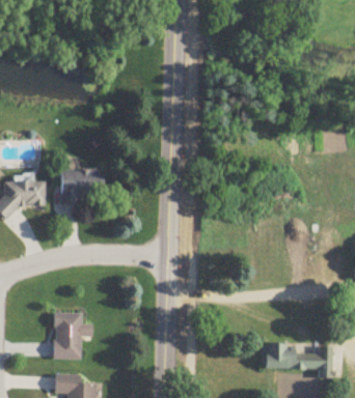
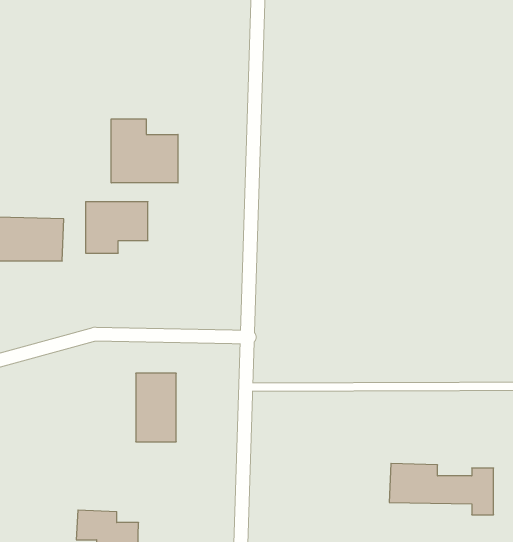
building: none -> [111,119,178,183]
building: [54,313,81,359] -> [136,373,176,442]

